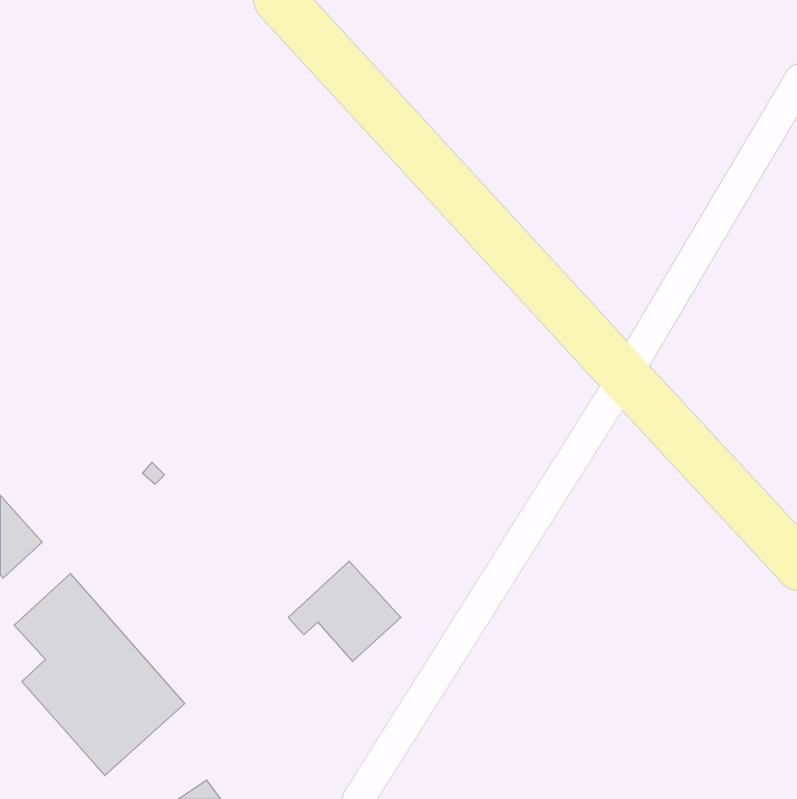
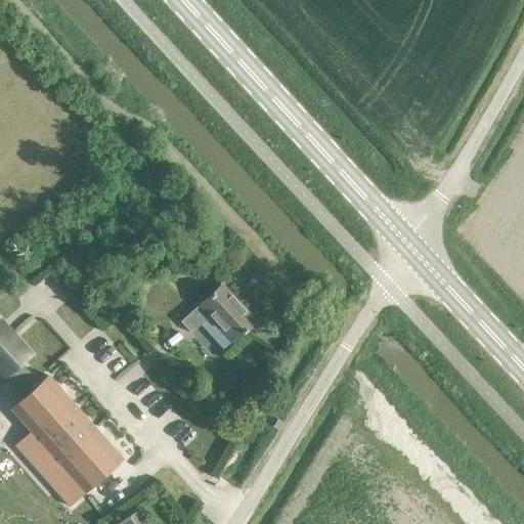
building: [288,561,401,661] -> [181,285,255,350]

